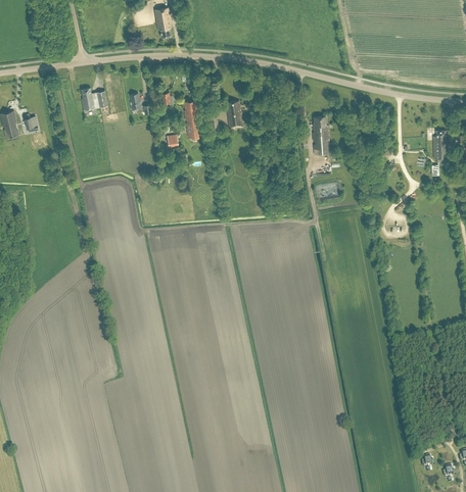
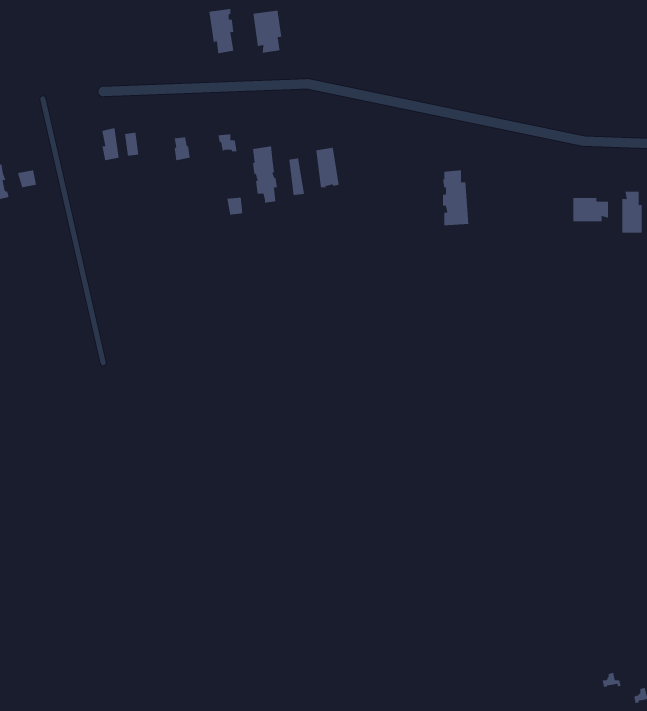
building: none -> [253,10,282,53]
building: none -> [573,197,608,222]

